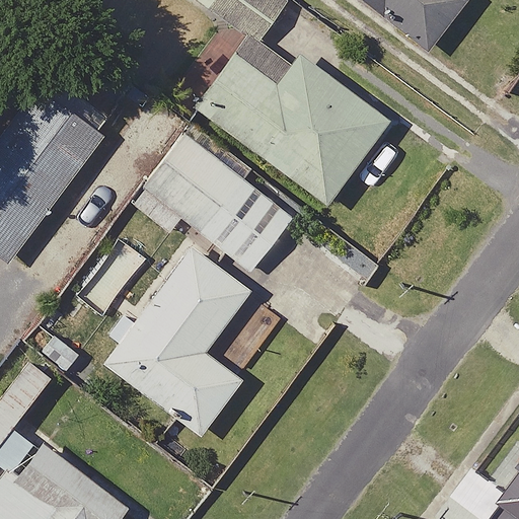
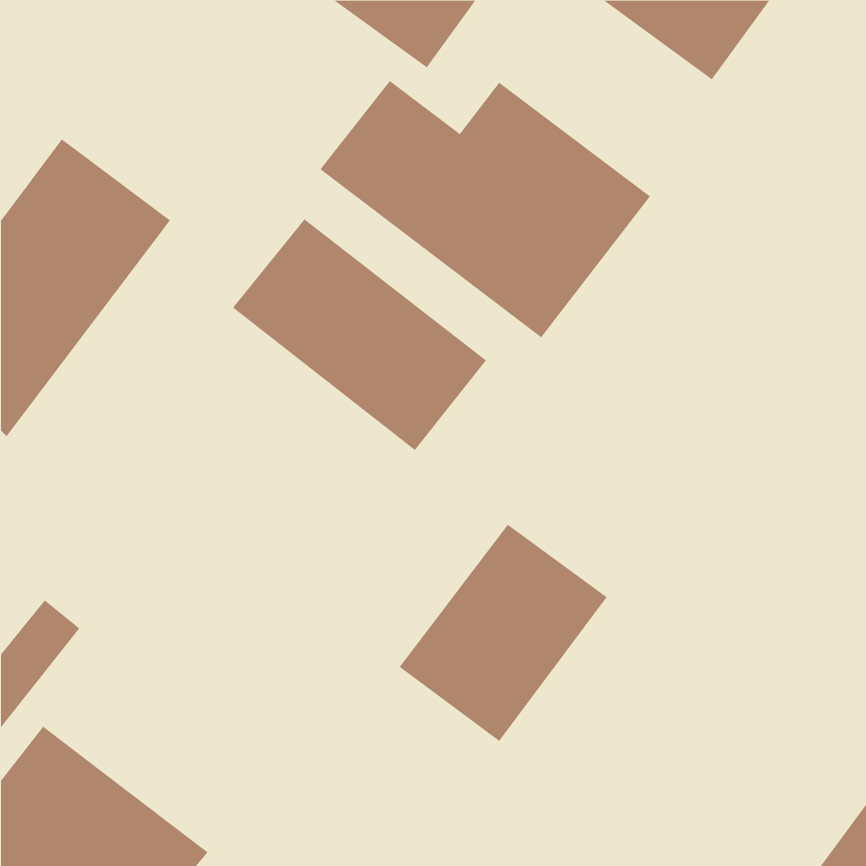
building: [101,242,251,436] -> none
building: none -> [399,524,608,742]

